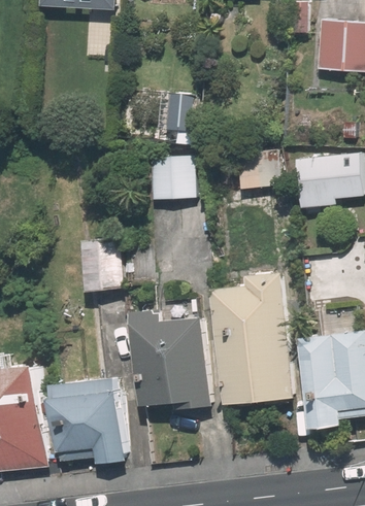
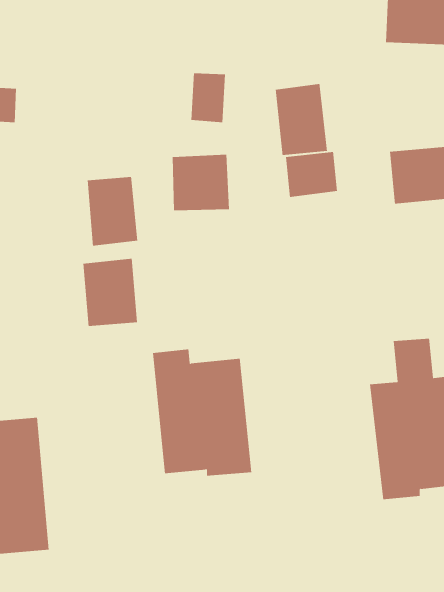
building: none -> [275,83,327,156]
building: none -> [87,176,138,246]
building: [213,273,292,403] -> none
building: [56,353,129,463] -> none

